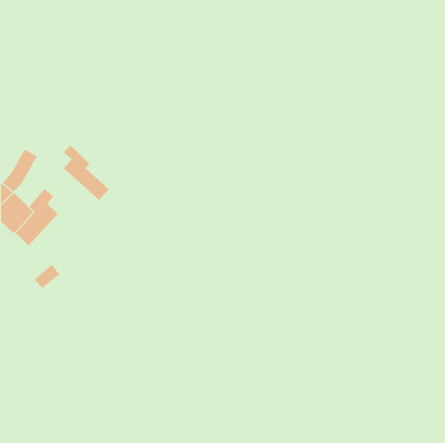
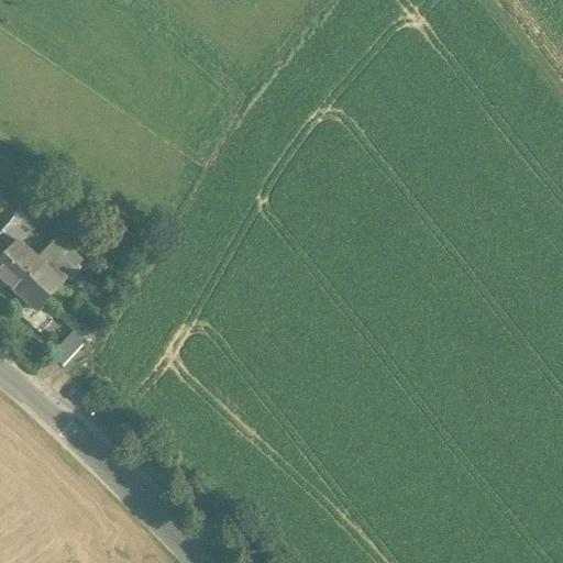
building: [63,144,109,201] -> none

